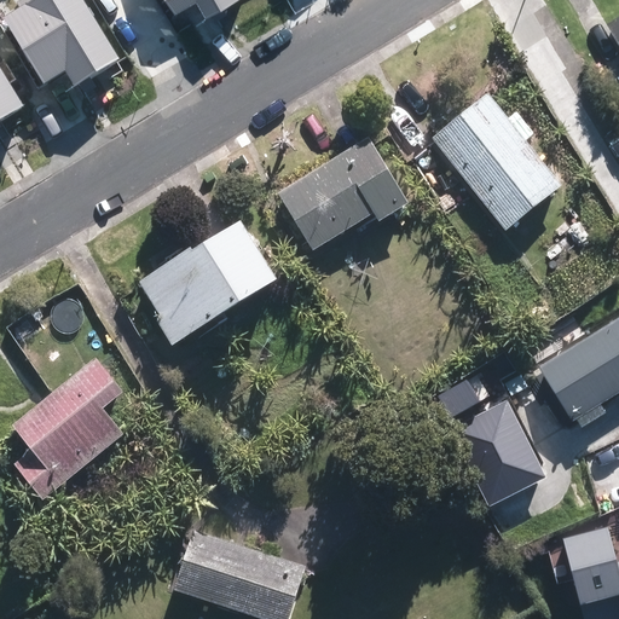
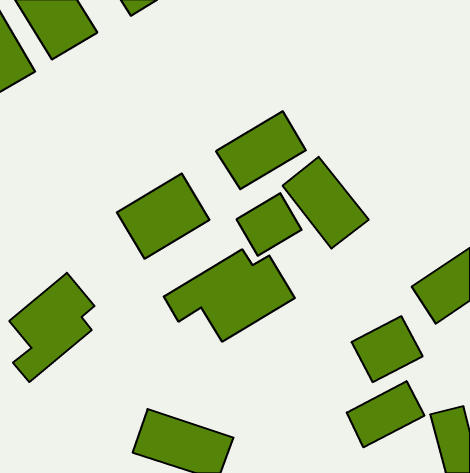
building: [440,102,553,221] -> [283,157,369,249]
building: none -> [237,193,302,256]
building: none -> [164,249,295,342]
building: none -> [347,381,424,447]

